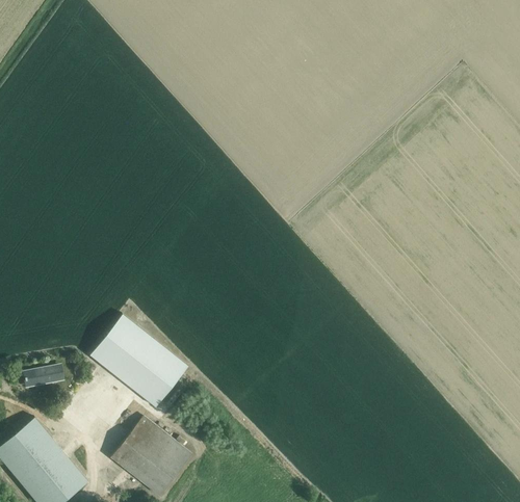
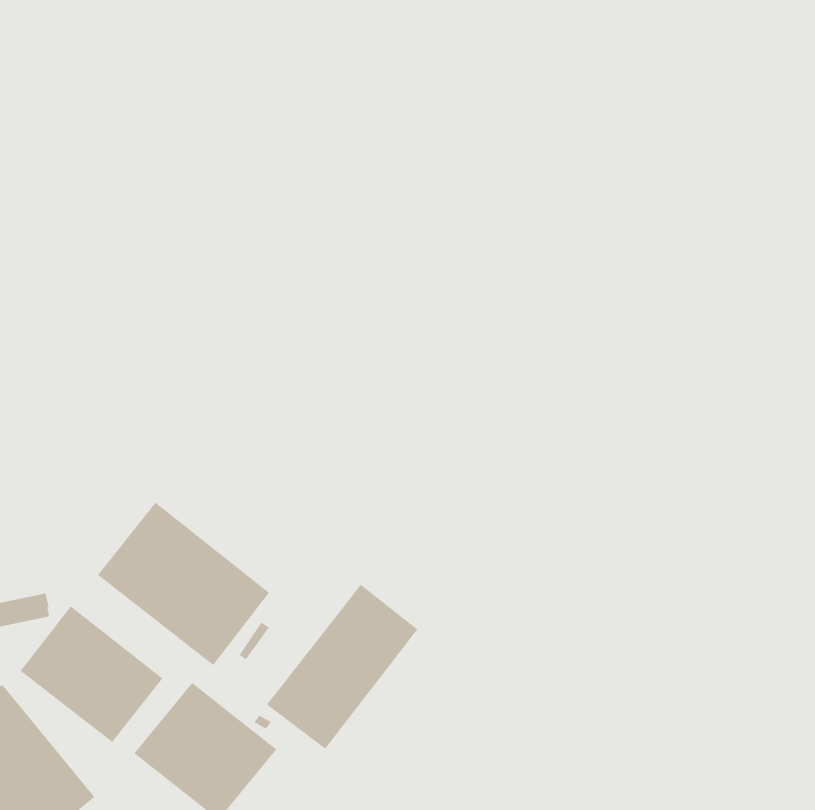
building: none -> [266,584,418,750]
building: none -> [20,605,163,743]

